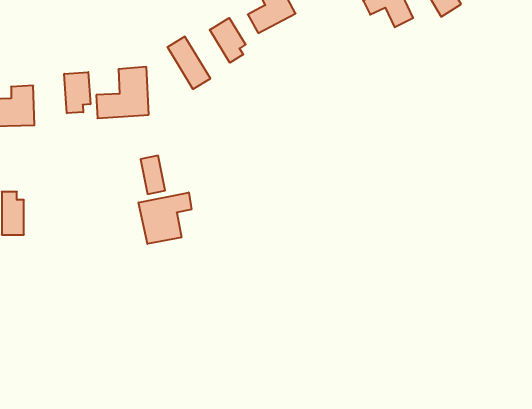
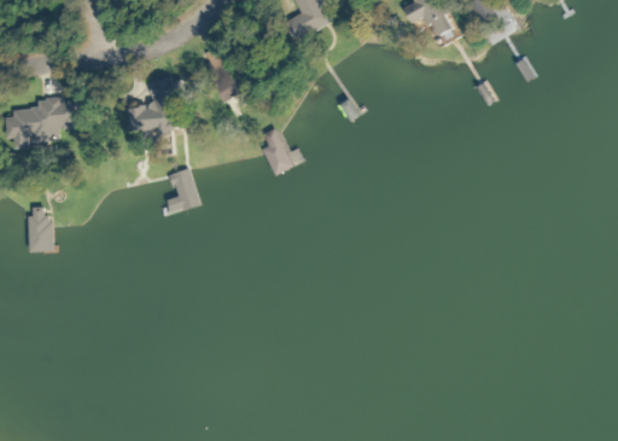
building: [210,18,246,63] -> none
building: [64,72,90,113] -> none
building: [139,192,191,244] -> none

